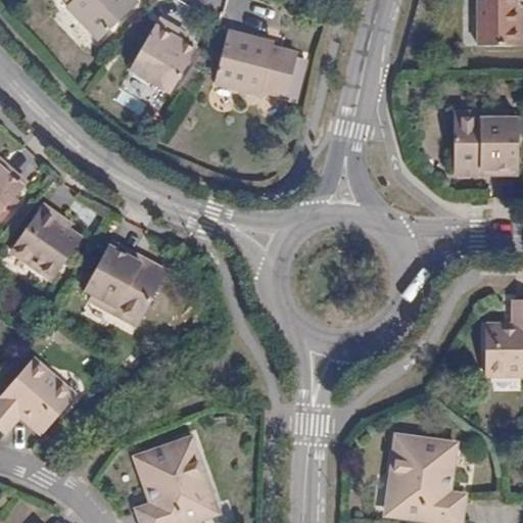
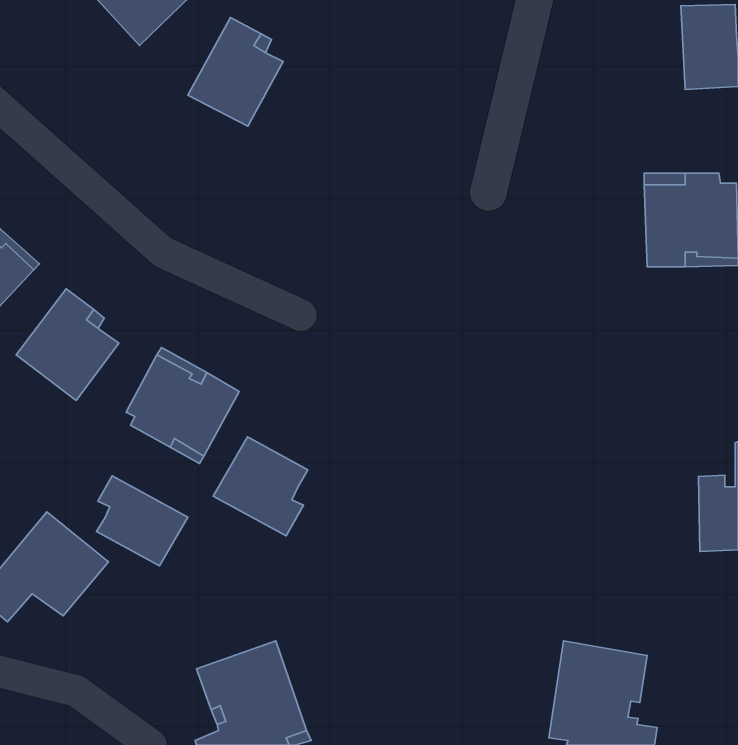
building: [221,26,303,91] -> none
building: none -> [213,437,308,536]
building: none -> [97,476,188,566]

